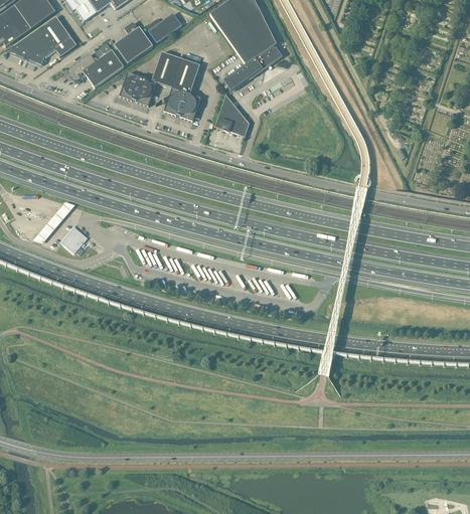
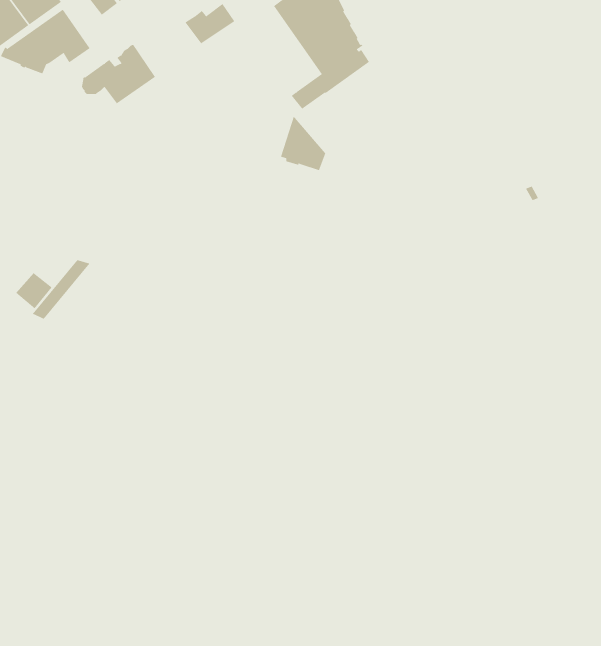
building: [115,20,153,62] -> none
building: [120,50,200,120] -> none
building: [58,227,86,254] -> [16,273,52,309]

